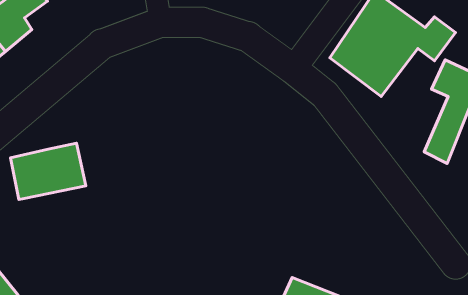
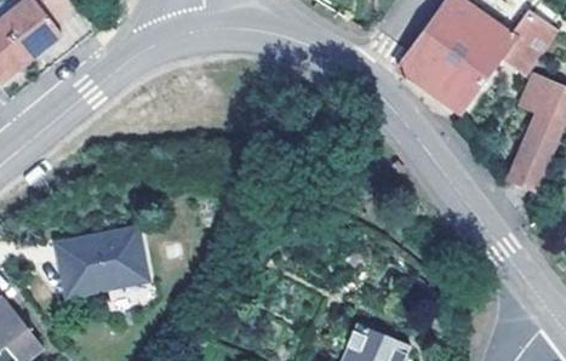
building: [11,143,86,200] -> [62,227,149,292]

